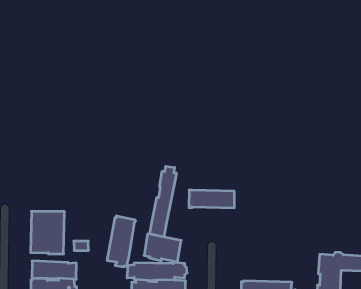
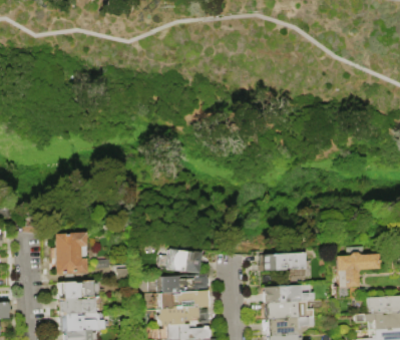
building: [150,166,176,237] -> none
building: [189,190,234,208] -> [261,253,306,272]
building: [107,216,136,267] -> none

